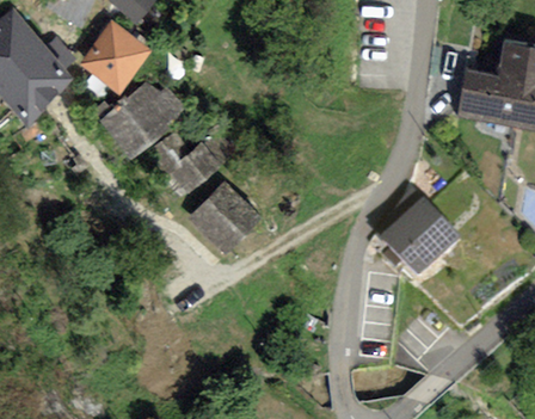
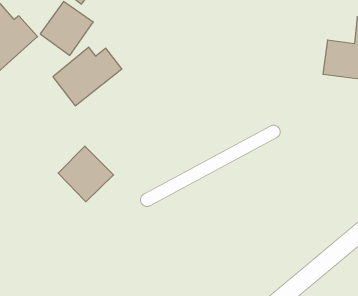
building: [172,138,223,189] -> none
building: [187,181,262,255] -> [58,146,114,202]
building: [380,207,457,283] -> none

